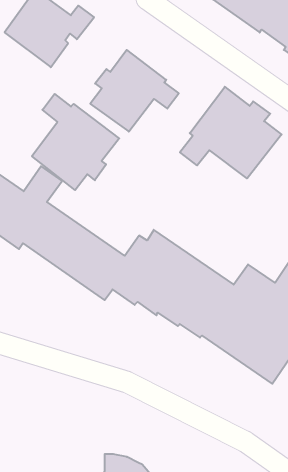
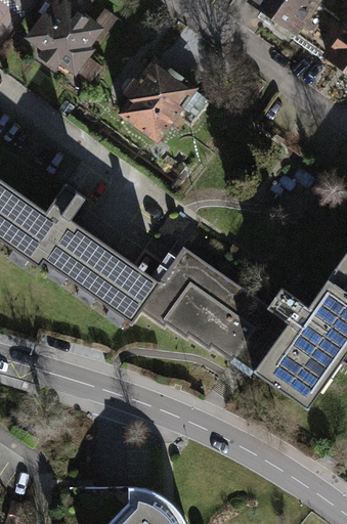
building: [180,87,282,178] -> none
building: [32,94,119,190] -> none

